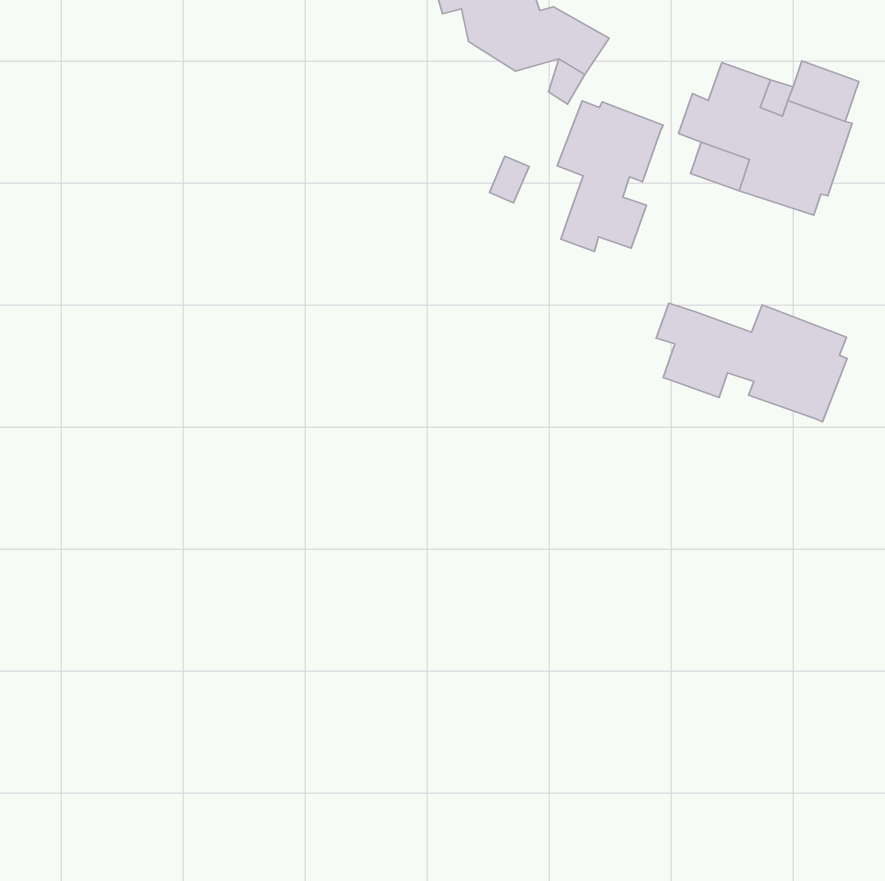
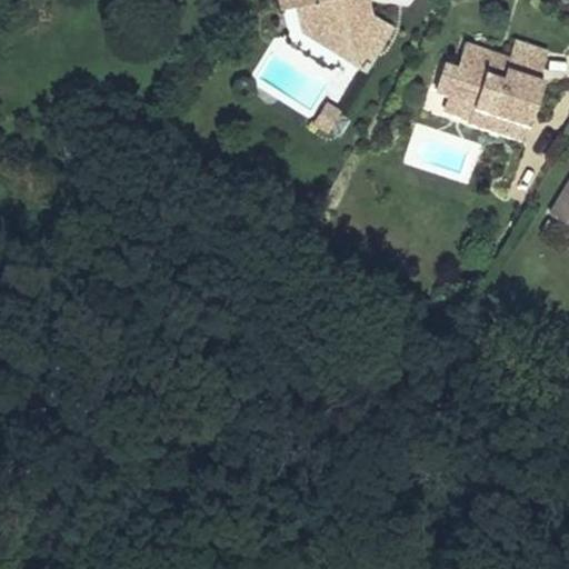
building: [557,101,663,252] -> none
building: [656,303,847,422] -> none

